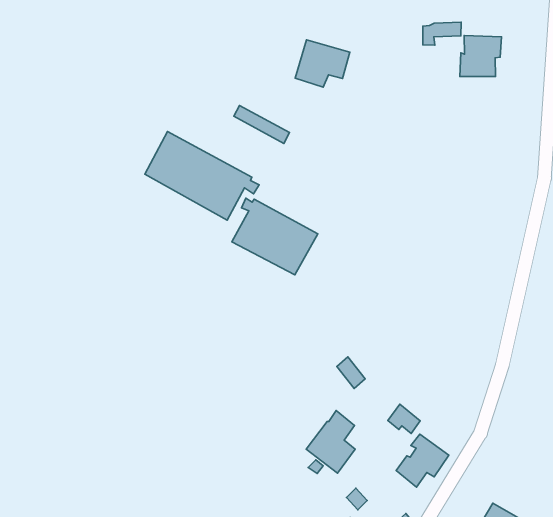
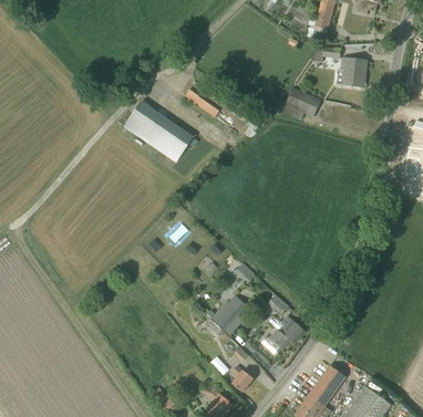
building: [295,40,350,87] -> [282,88,320,121]
building: [232,198,318,275] -> none

